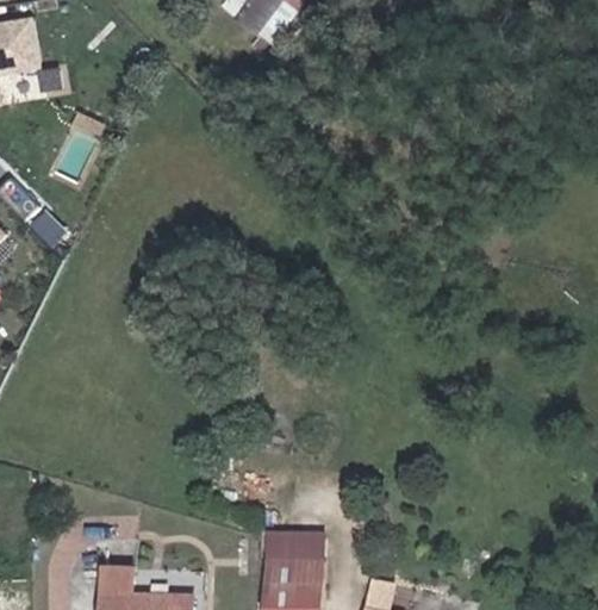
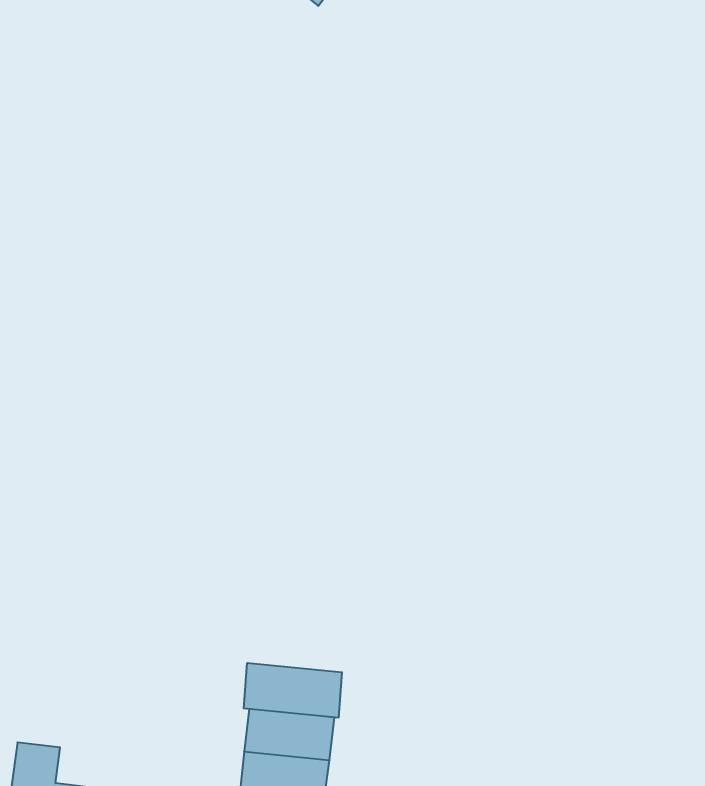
building: none -> [244,663,342,718]

